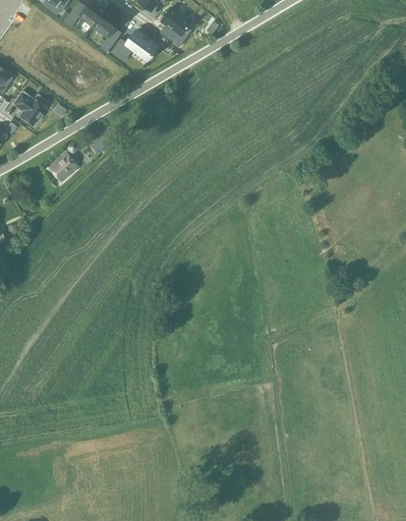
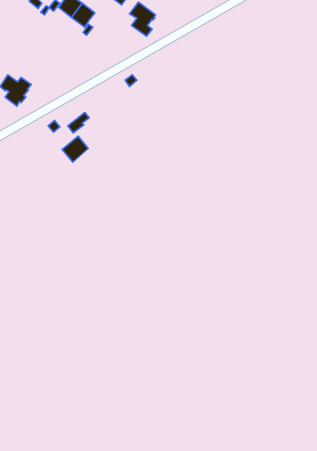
building: [109,30,157,59] -> none
building: [48,152,77,181] -> [62,136,88,162]

